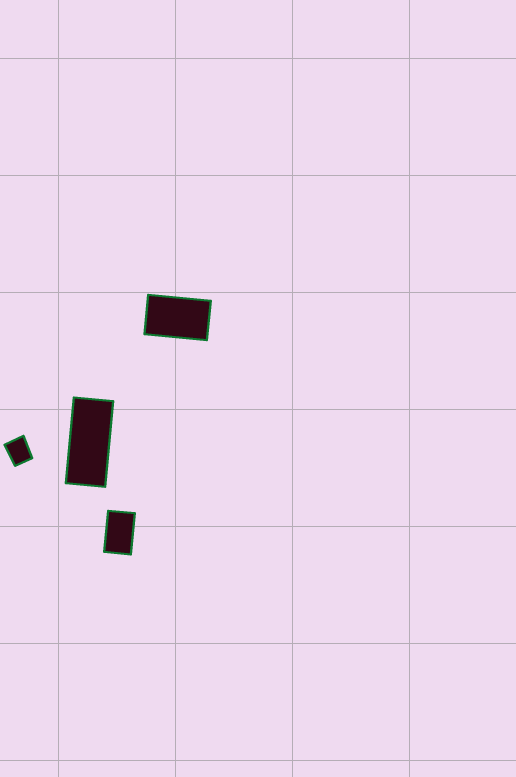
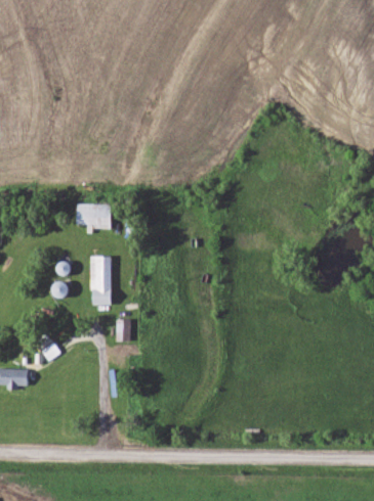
building: [144,295,211,340] -> [76,204,112,227]

